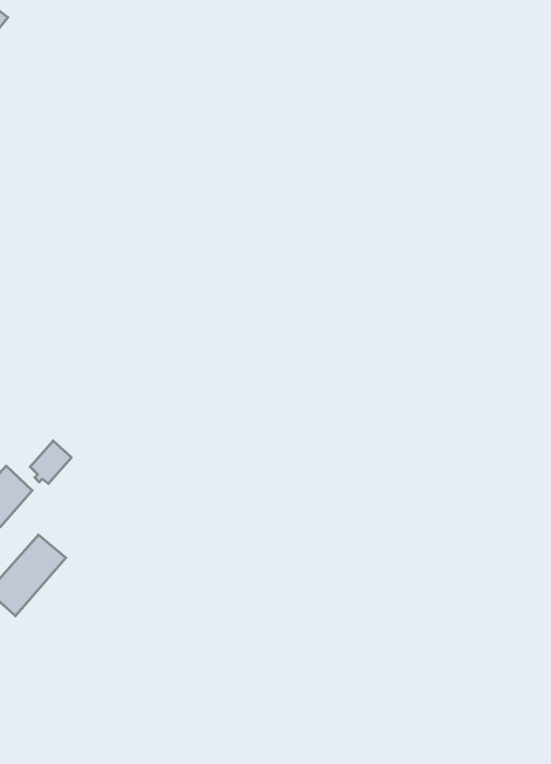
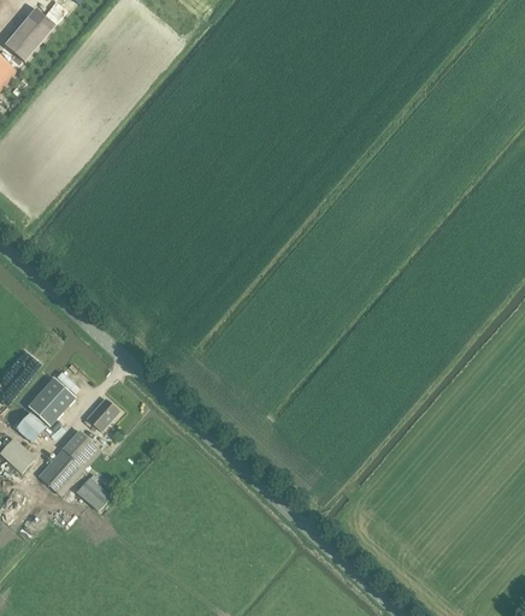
building: [30,441,71,484] -> [87,397,119,431]
building: none -> [76,478,111,510]

